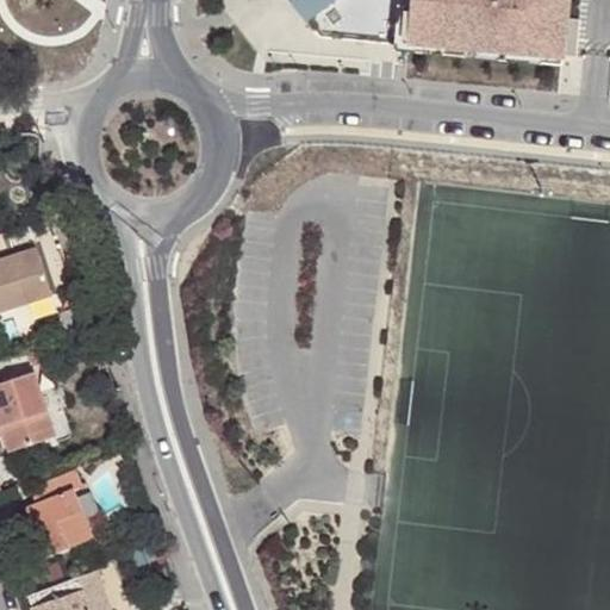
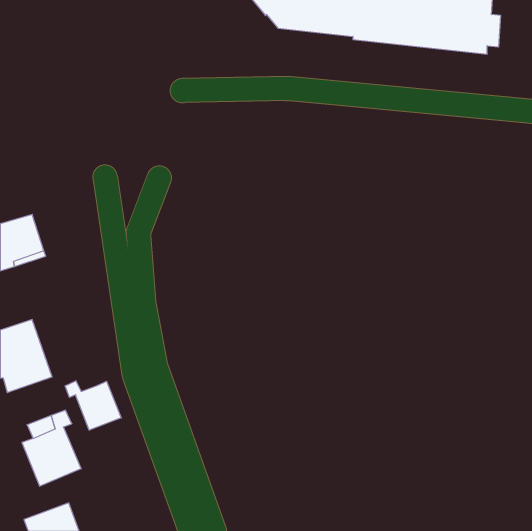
building: none -> [65,381,121,430]

